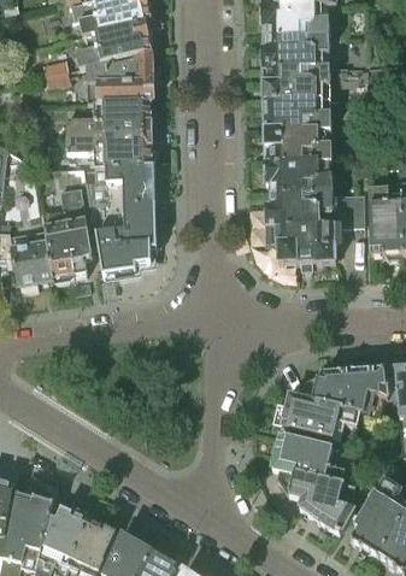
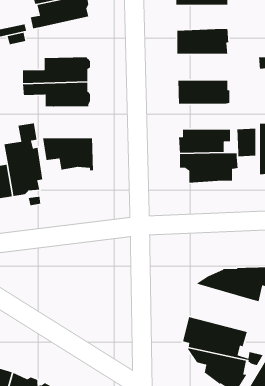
building: [261,34,329,65] -> none
building: [86,48,152,100] -> none
building: [263,96,331,129] -> none
building: [265,160,333,192] -> none
building: [86,164,155,202] -> none
building: [95,230,151,272] -> none
building: [281,390,359,437] -> none

